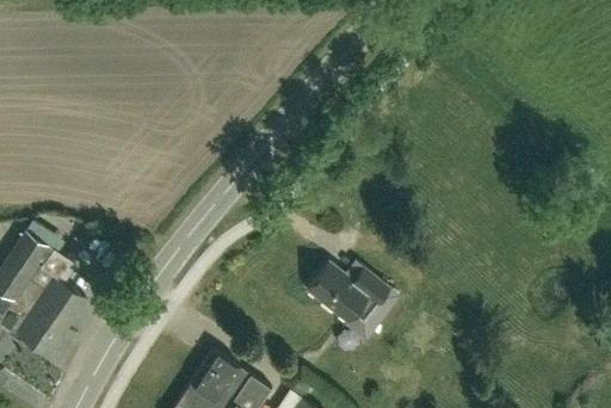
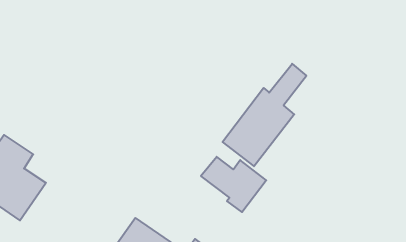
building: none -> [223,64,306,166]

